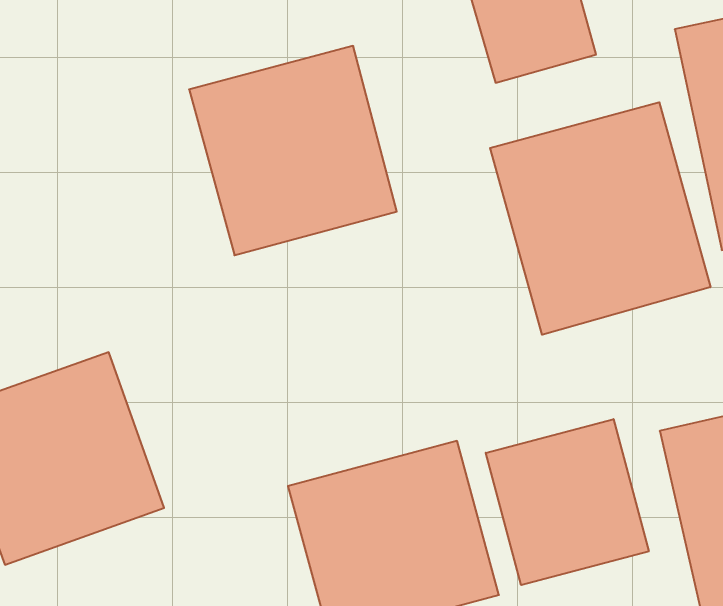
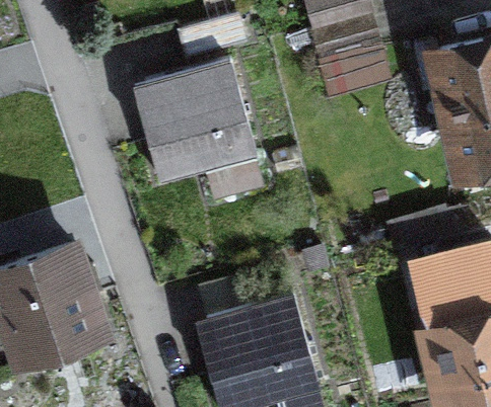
building: [490,102,710,335] -> none
building: [486,419,649,585] -> none

